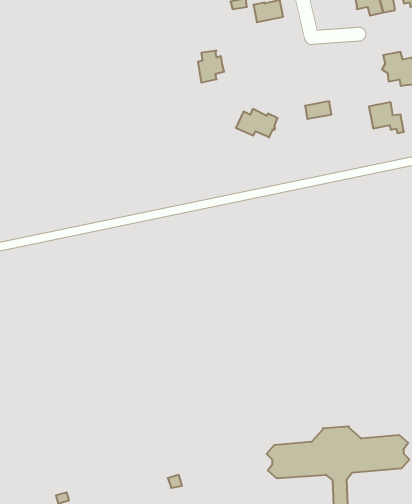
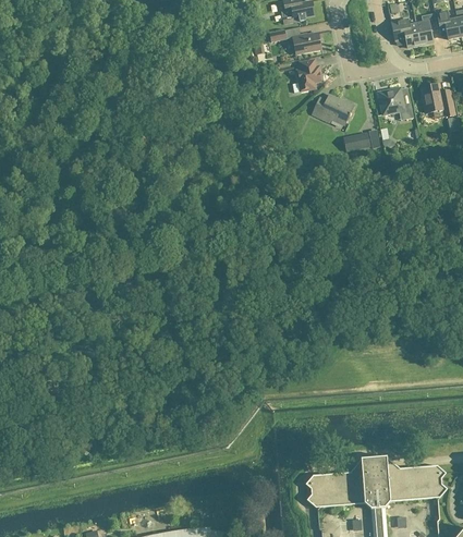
building: [198,51,224,83] -> [297,59,324,90]
building: [369,102,404,133] -> [379,87,414,118]
building: [236,109,278,138] -> [313,95,354,123]

